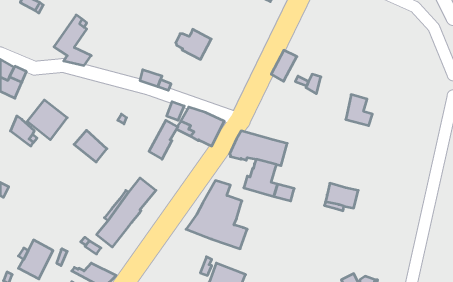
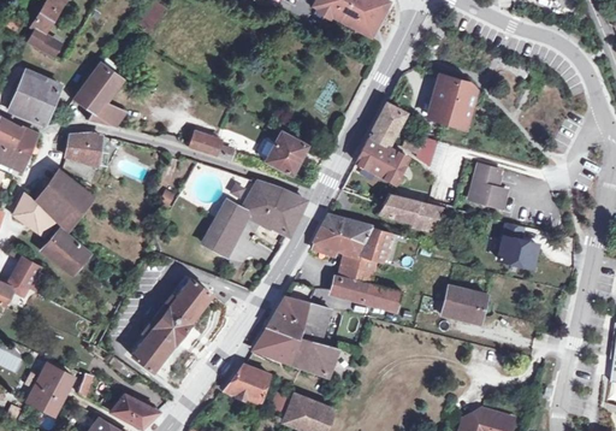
building: none -> [8,70,59,124]
building: none -> [428,73,474,128]
building: [176,29,211,59] -> [257,131,306,172]
building: none -> [65,132,100,166]
building: none -> [355,137,407,182]
building: none -> [378,194,440,226]
building: [74,130,107,162] -> [43,229,88,272]
building: none -> [497,223,537,267]
building: none -> [13,258,45,291]
building: none -> [223,362,268,402]

